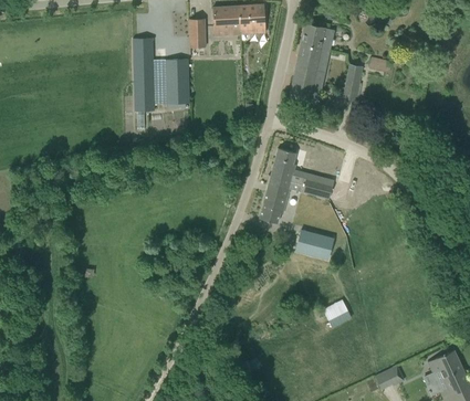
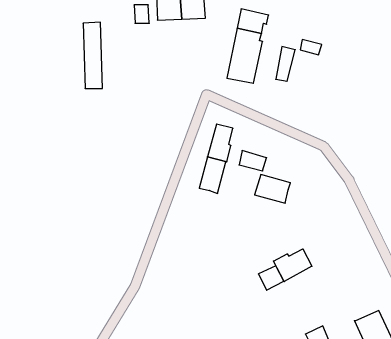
building: [166,59,189,104] -> none
building: [294,229,333,260] -> [255,175,290,203]
building: none -> [273,249,312,282]

